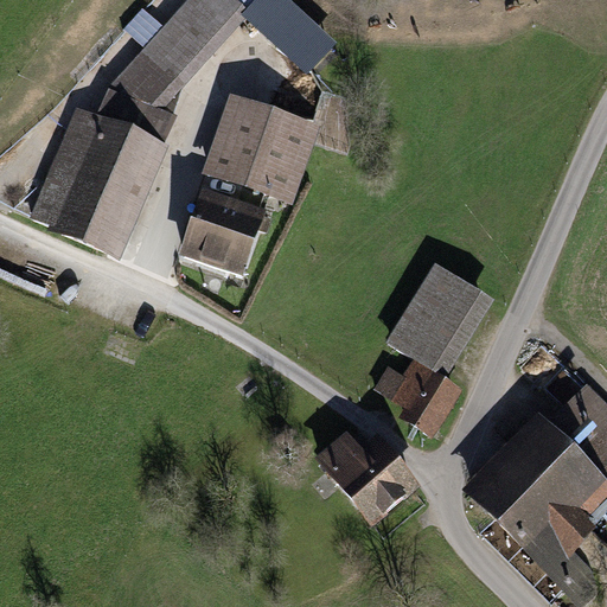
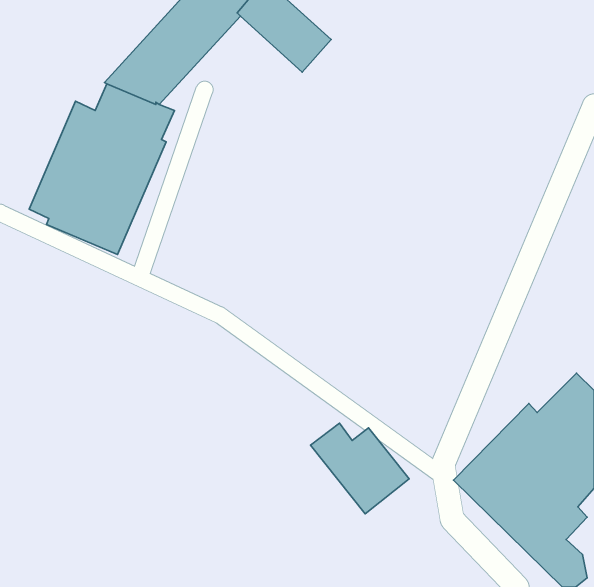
building: [203,92,320,203] -> none
building: [180,189,268,279] -> none
building: [375,263,492,437] -> none

